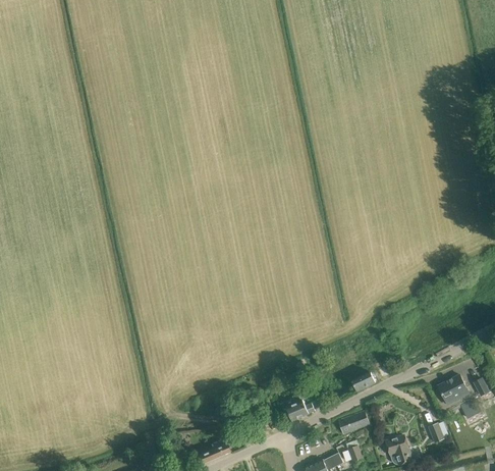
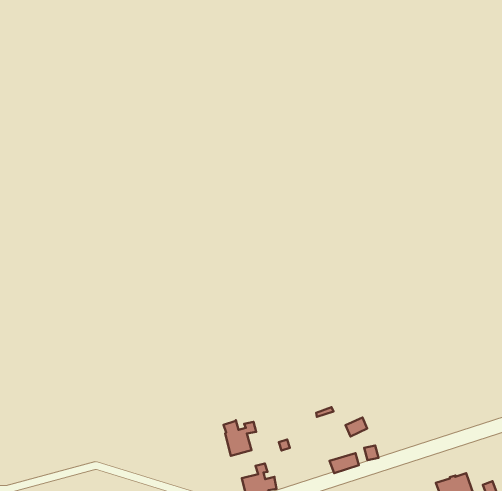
building: none -> [223,420,256,456]

